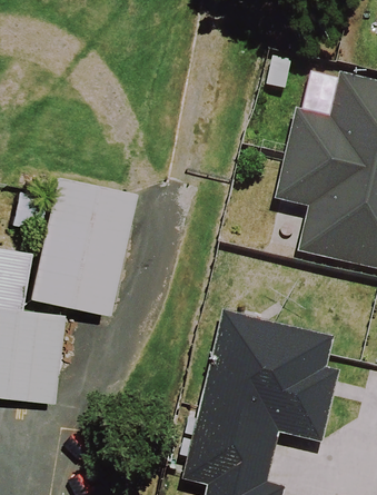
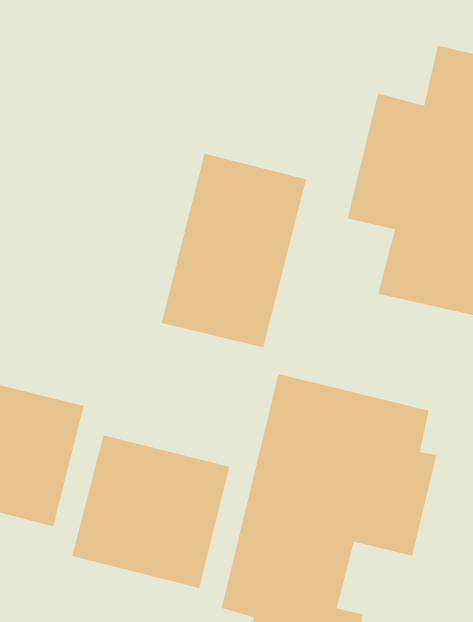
building: [33,178,139,319] -> [161,153,307,348]
building: none -> [71,435,230,589]

